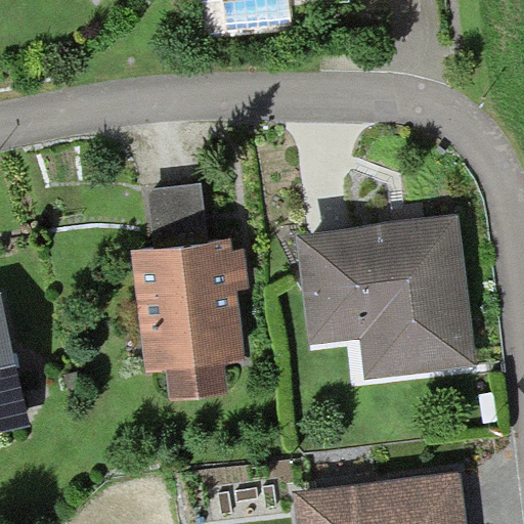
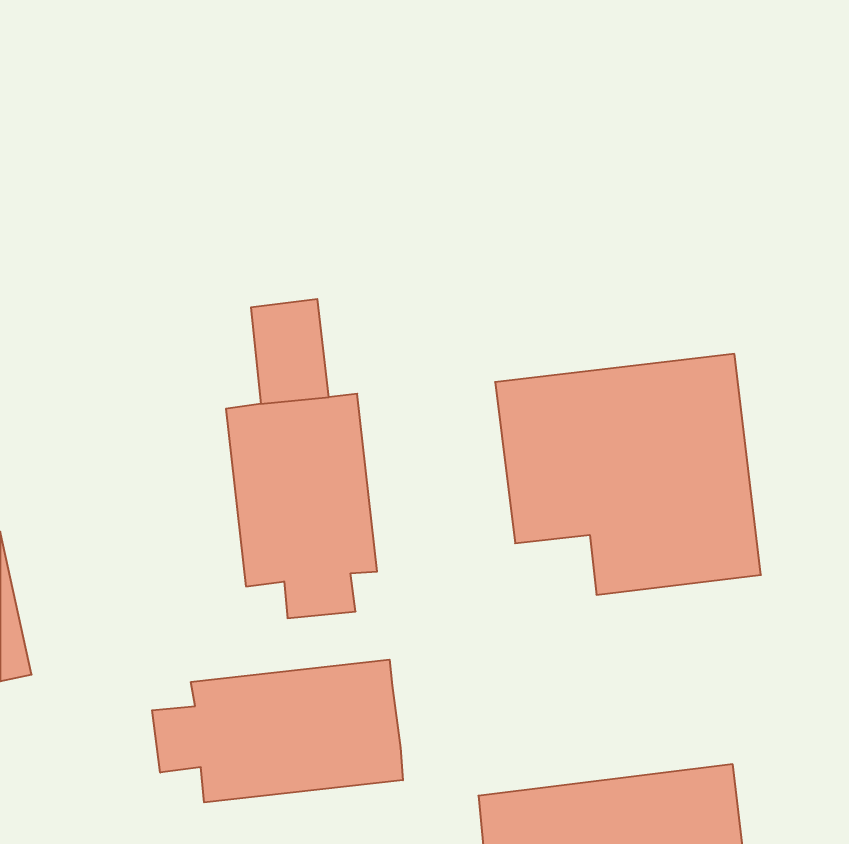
building: none -> [152,660,403,802]

